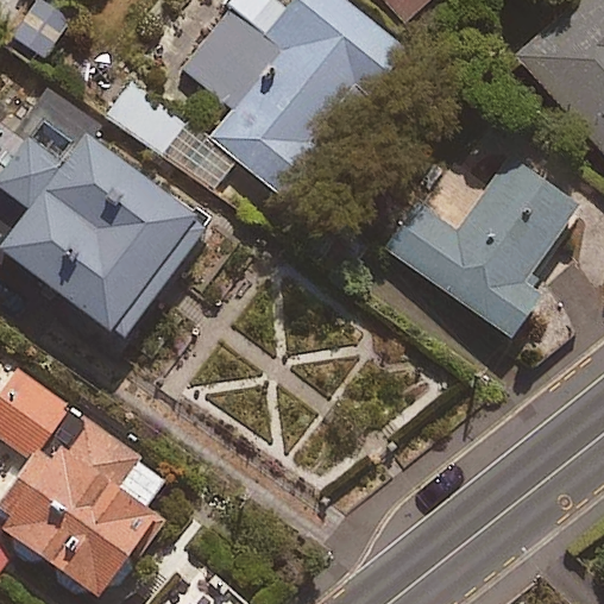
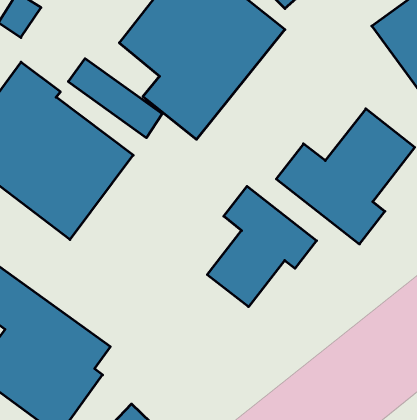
building: none -> [207,186,317,307]

